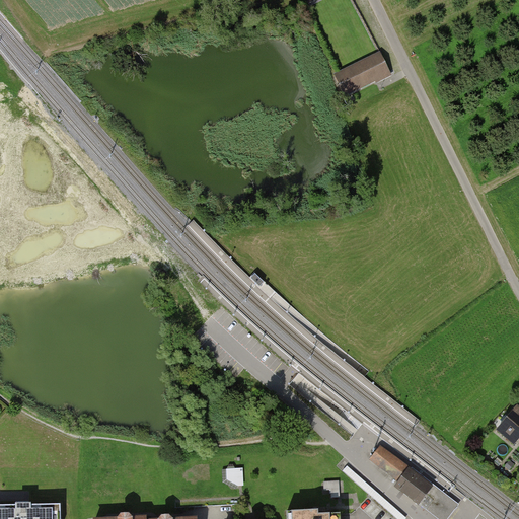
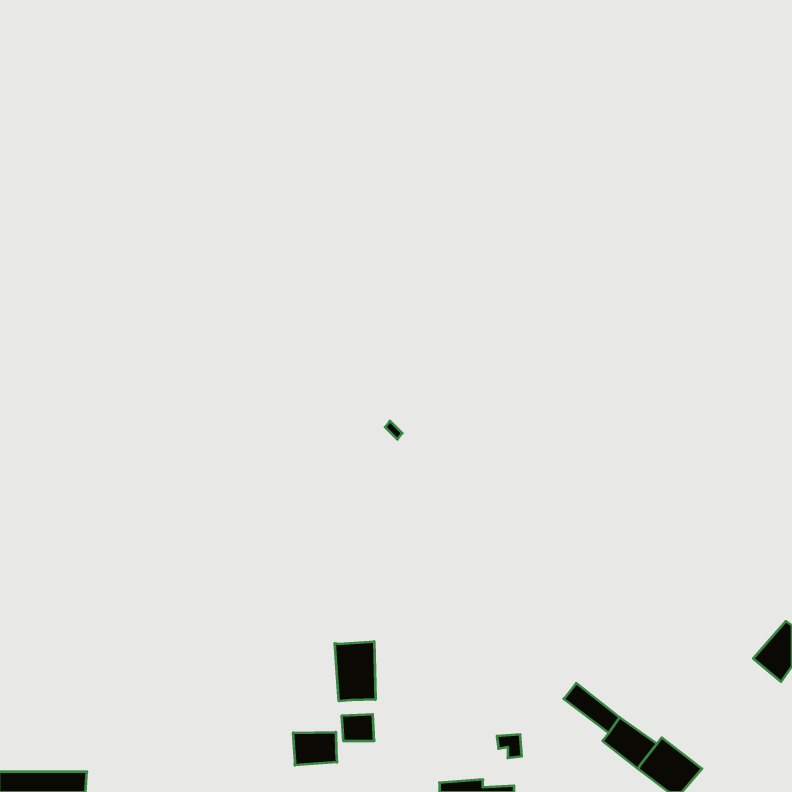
building: [338,54,393,98] -> none
building: none -> [335,641,375,701]
building: none -> [293,732,337,765]

